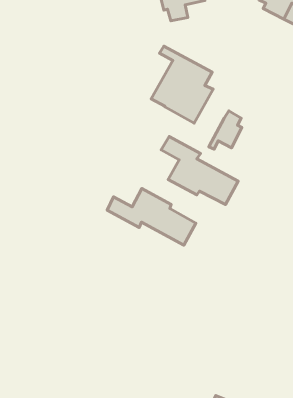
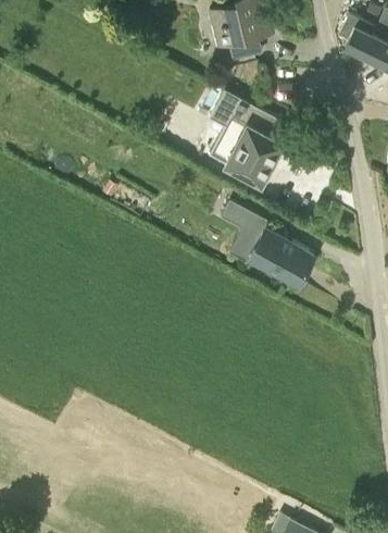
building: [209,111,242,149] -> none
building: [107,188,196,245] -> none

